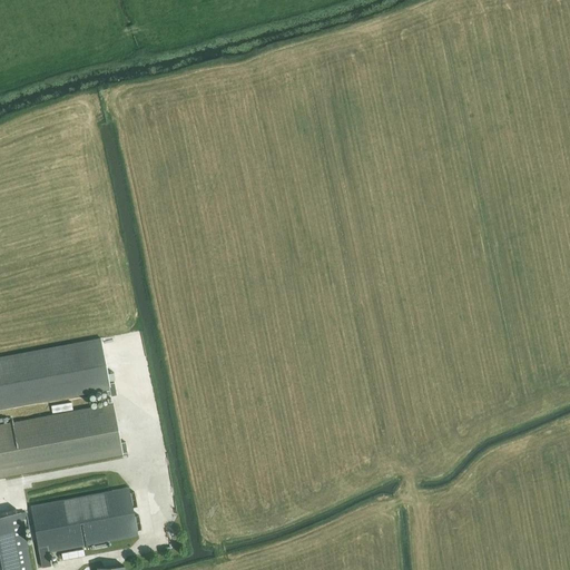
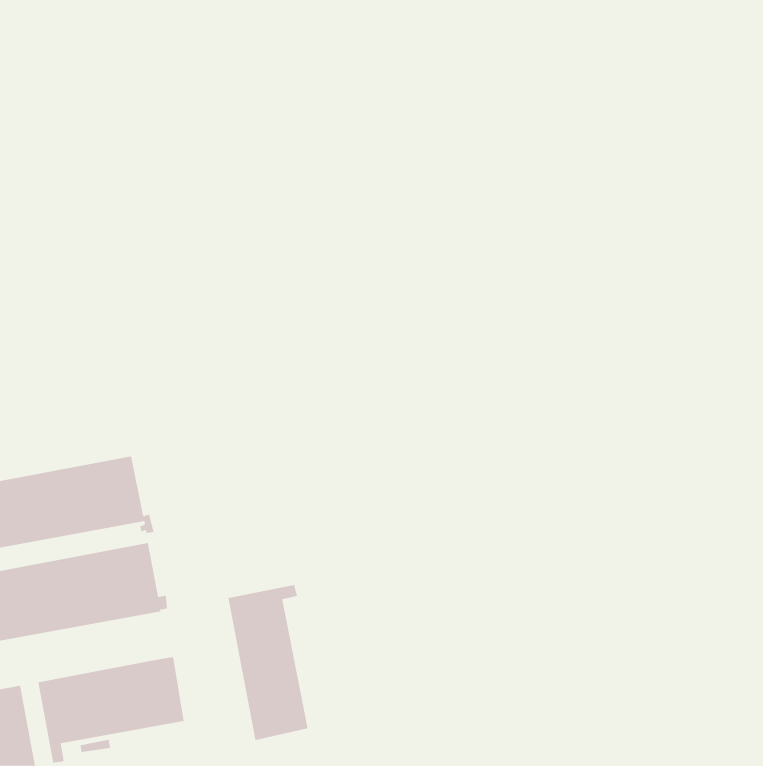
building: none -> [228,584,308,741]

